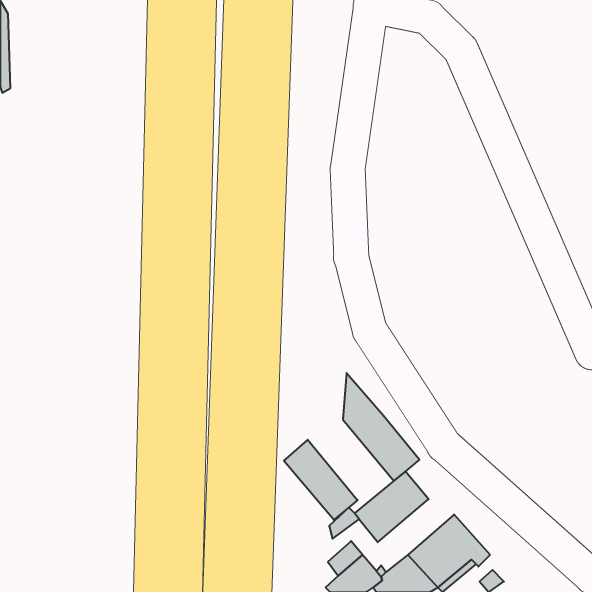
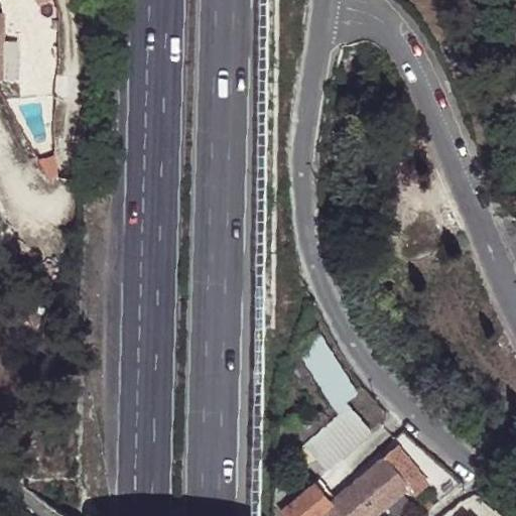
building: [284,440,358,520] -> none

